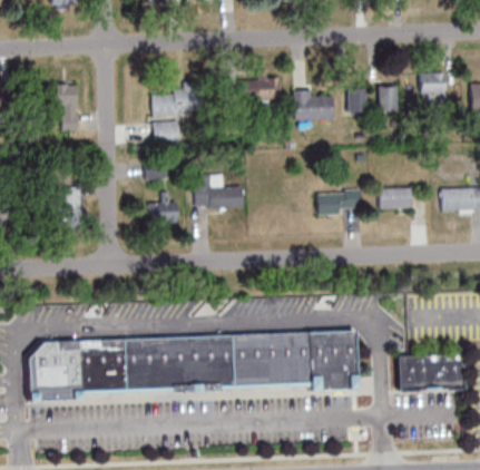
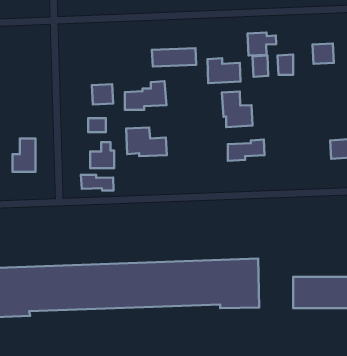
building: none -> [247,33,276,56]
building: [153,80,203,115] -> [125,81,166,110]
building: [58,84,82,130] -> none
building: none -> [222,92,253,127]
building: [379,187,412,208] -> none
building: none -> [81,175,113,191]

